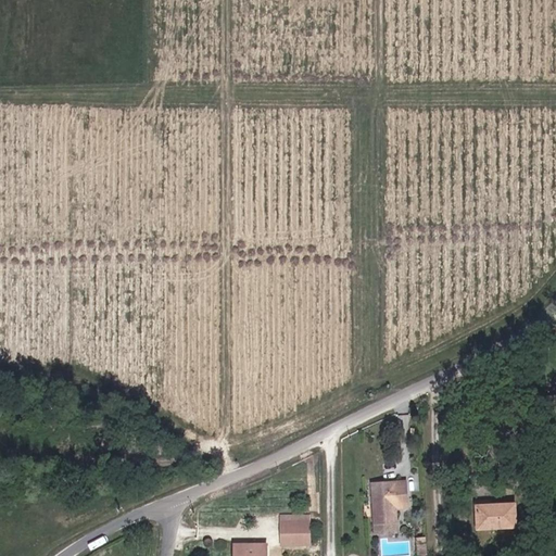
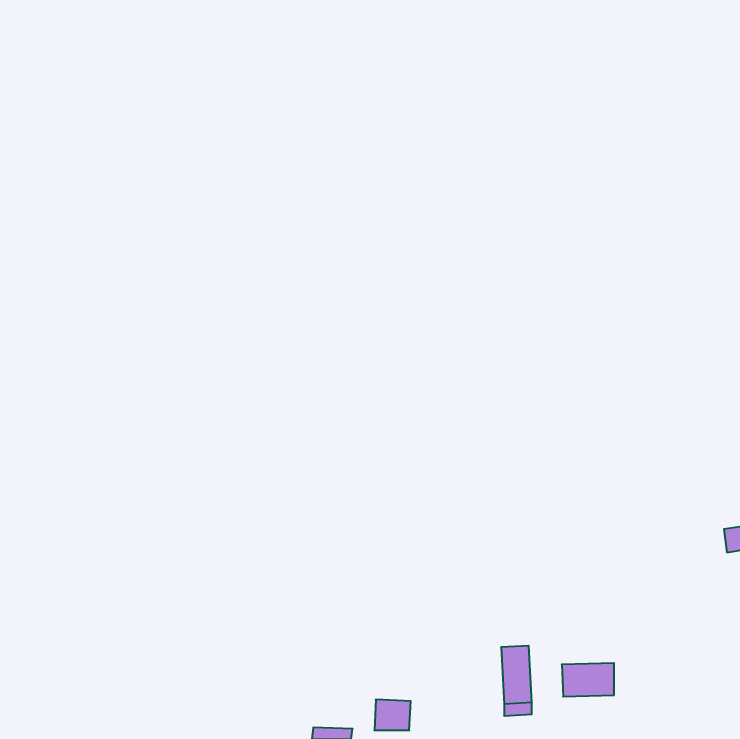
building: [471,503,510,528] -> [562,663,614,697]

